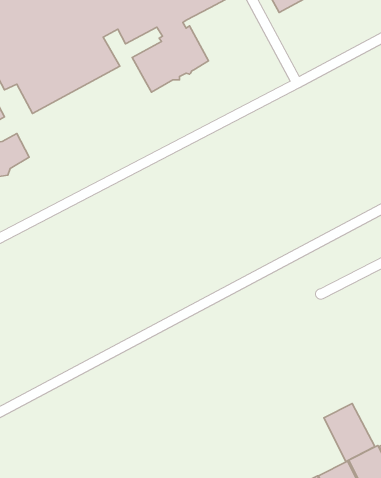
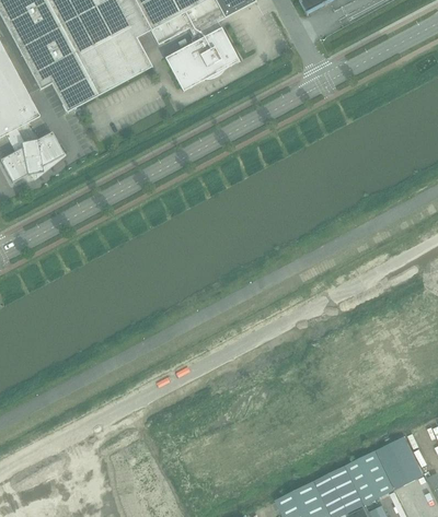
building: [324,404,375,462] -> none

